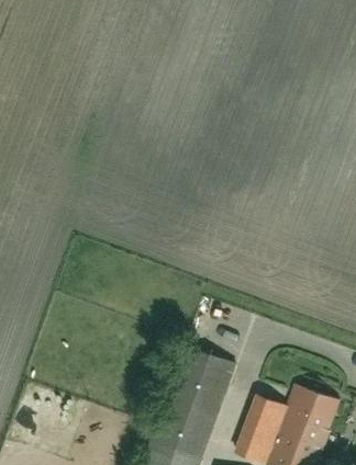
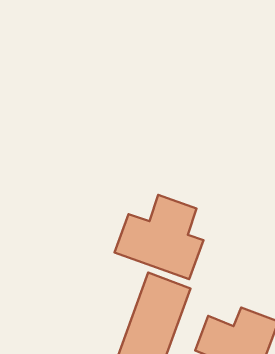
building: none -> [115,195,204,279]

